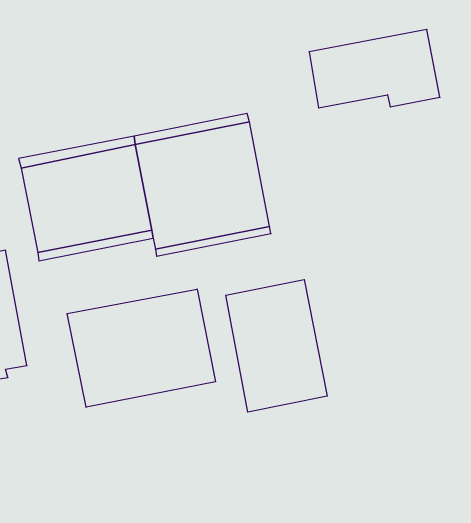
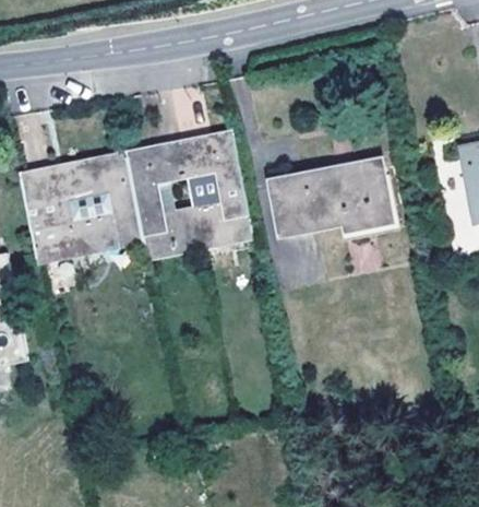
building: [309,29,440,108] -> [271,158,391,231]
building: [226,280,327,412] -> none
building: [67,289,215,407] -> none

